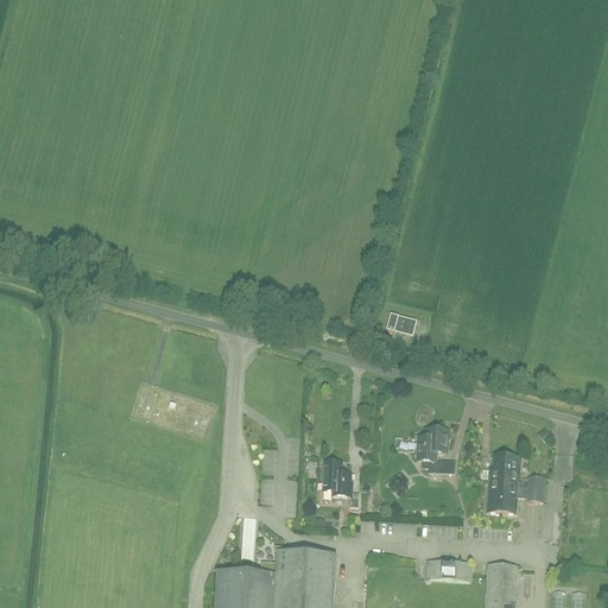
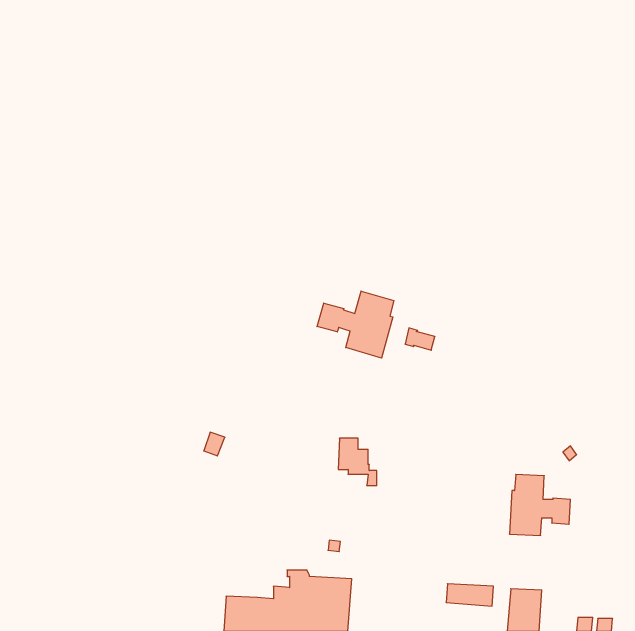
building: none -> [317,291,394,358]
building: [417,426,449,471] -> none
building: [322,461,359,506] -> [338,438,377,486]

